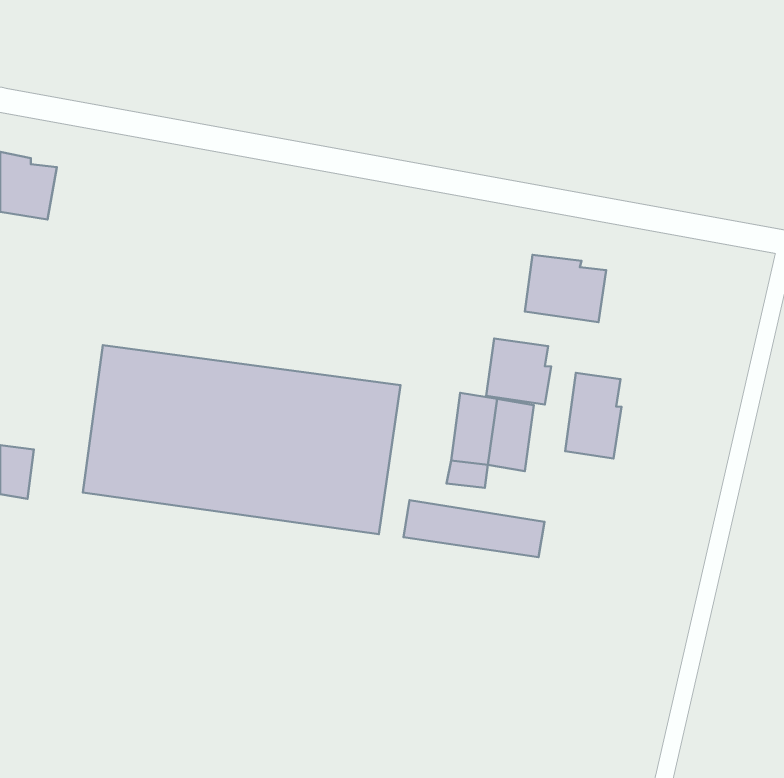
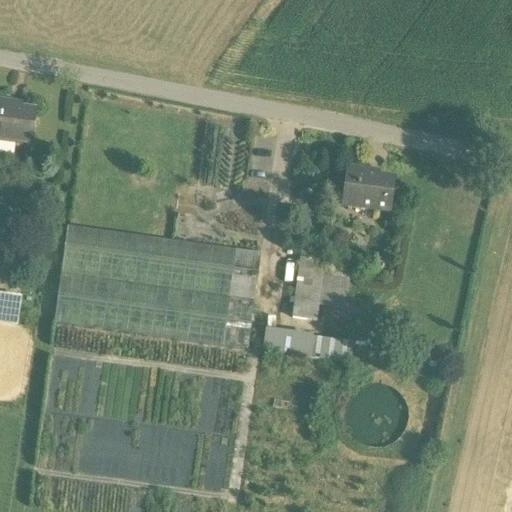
building: [486,339,551,405] -> none
building: [565,373,622,458] -> none

